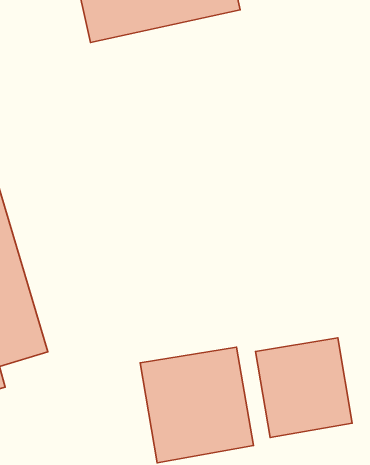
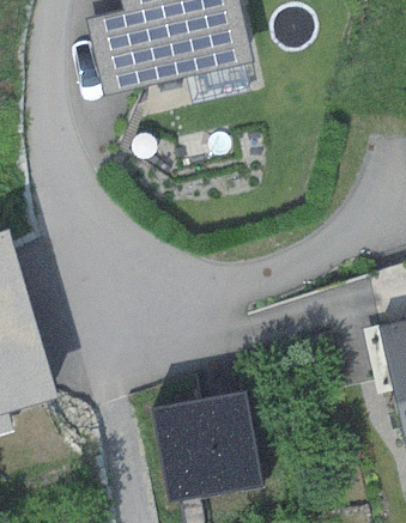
building: [255,338,352,438] -> none

